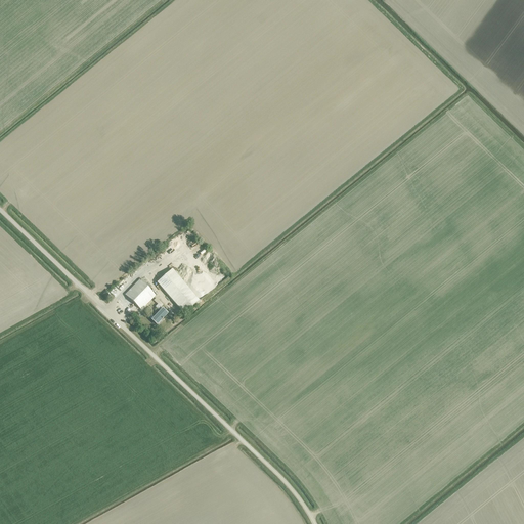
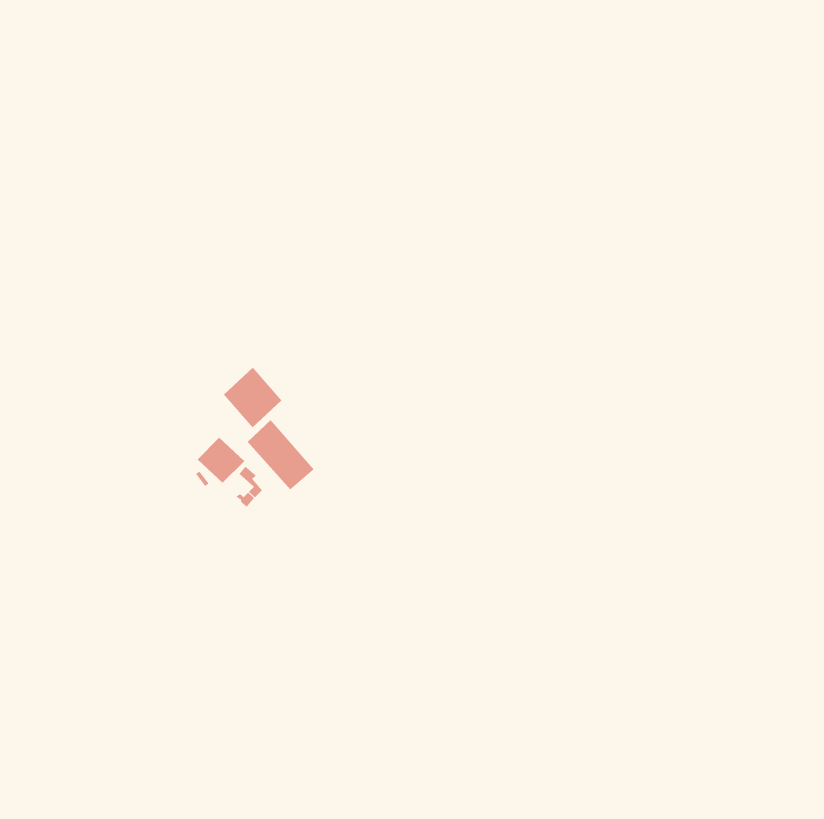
building: none -> [223,367,282,428]

